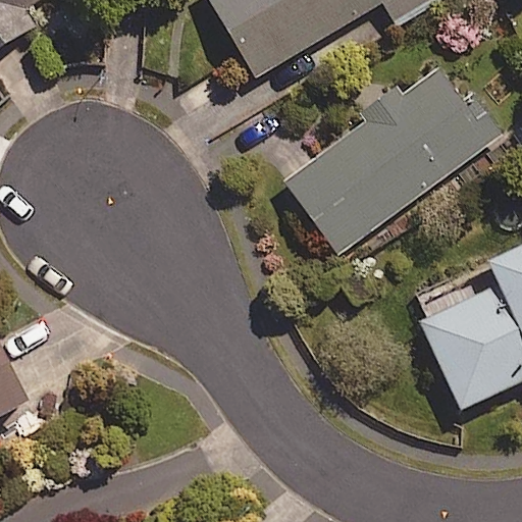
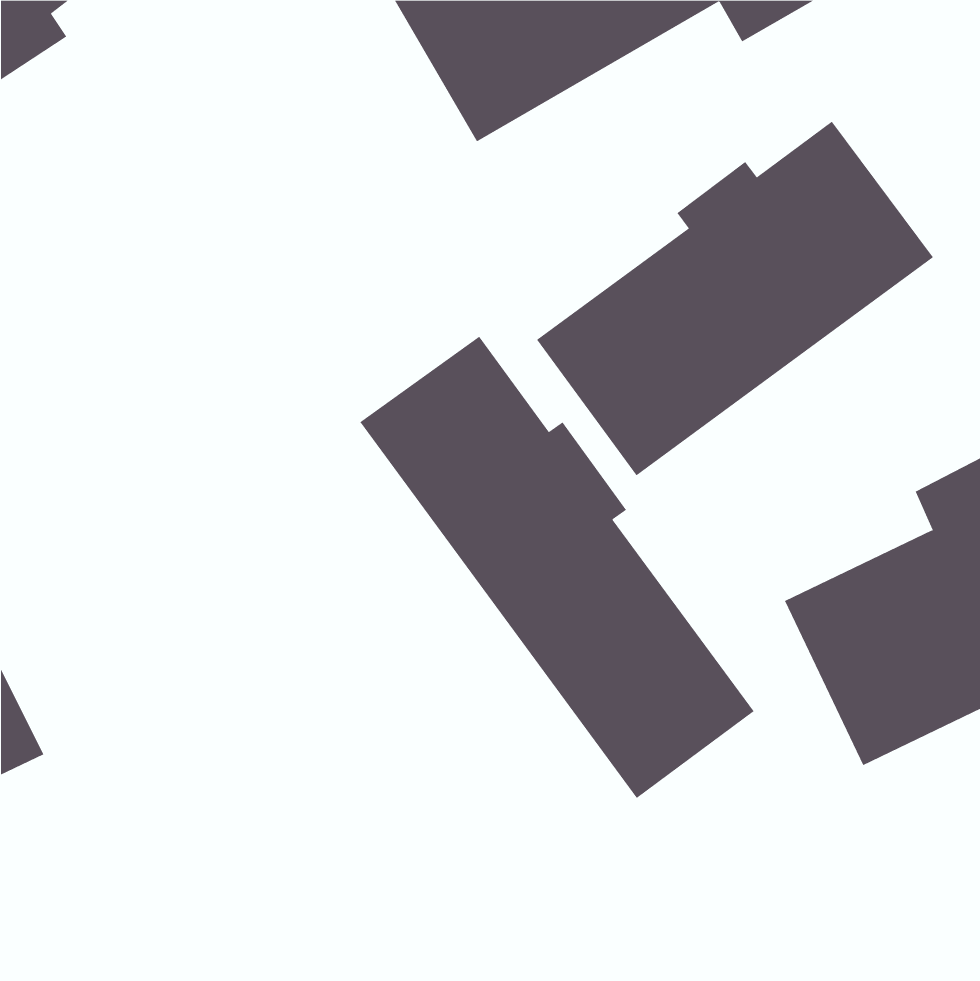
building: none -> [360,336,755,799]

